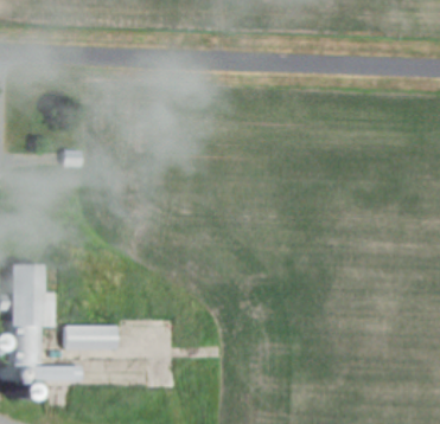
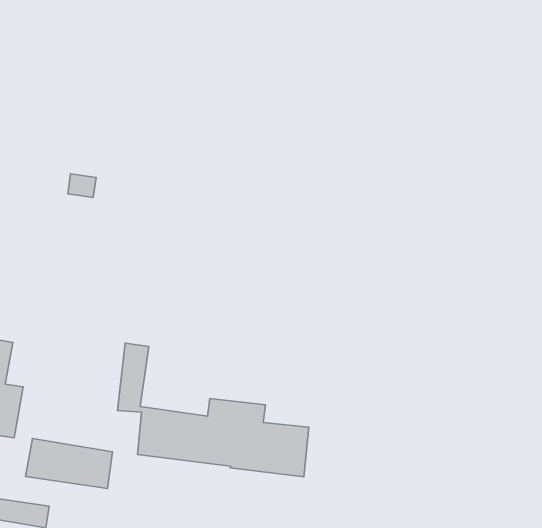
building: none -> [117,343,309,477]

